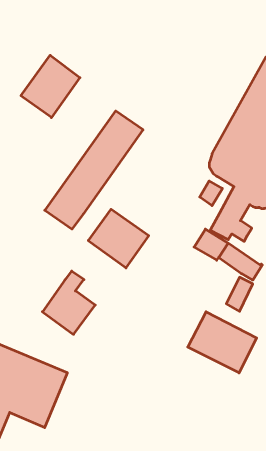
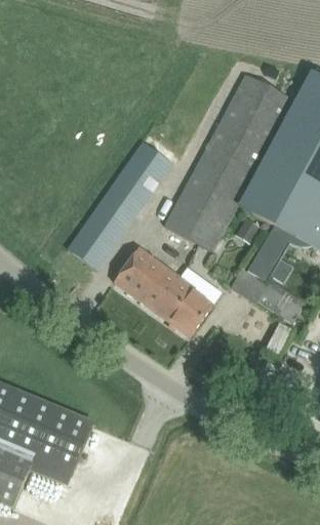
building: none -> [166,74,293,251]
building: [21,55,80,118] -> none
building: [42,271,95,334] -> [156,266,213,334]
building: [188,312,257,373] -> none

